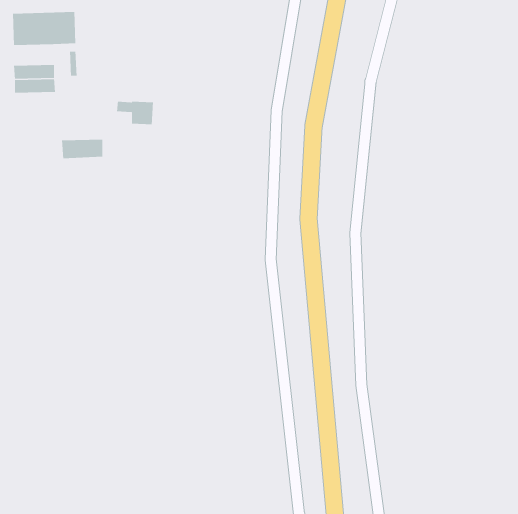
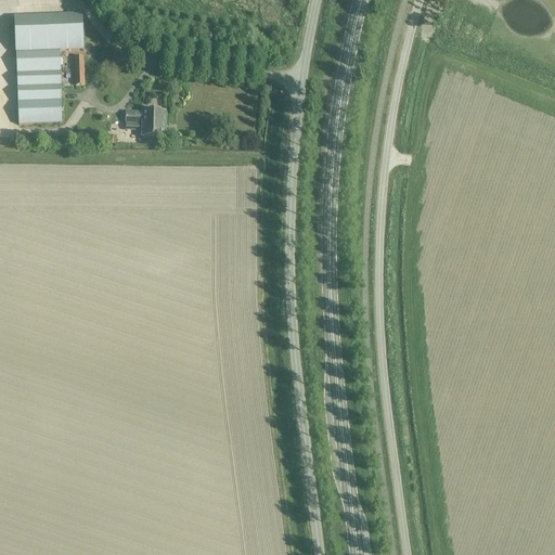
building: none -> [16,48,61,69]
building: [61,139,103,159] -> [17,99,62,120]

